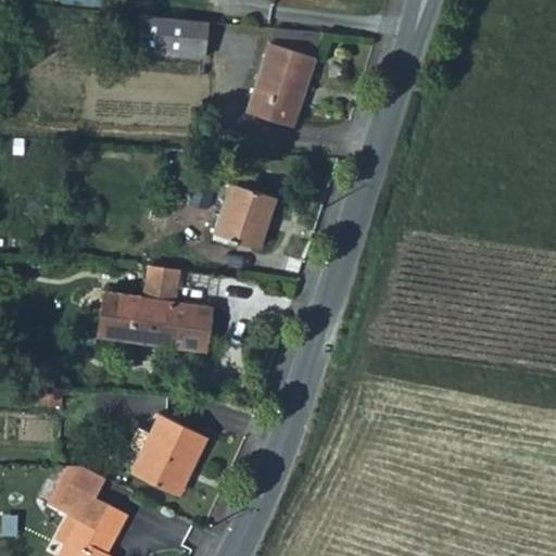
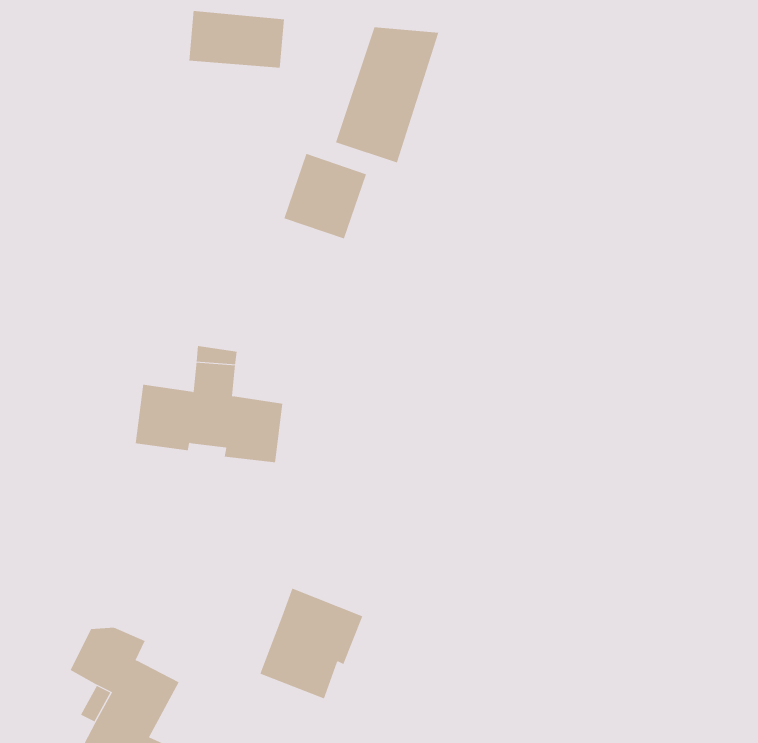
building: [214,189,275,252] -> [284,153,367,239]
building: [136,407,212,489] -> [259,588,363,699]

